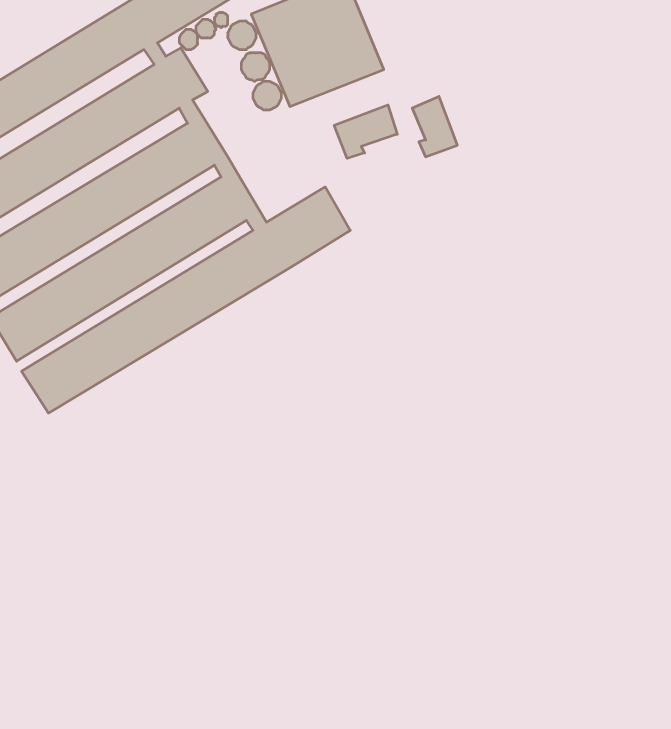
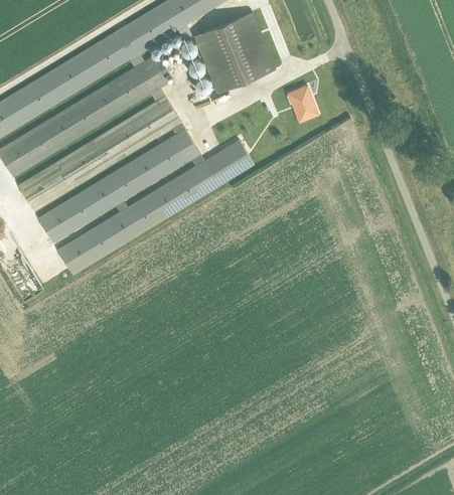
building: [334,105,397,158] -> none

